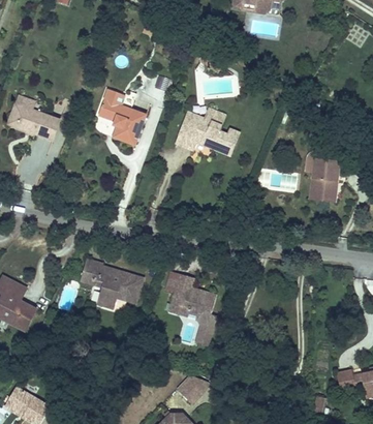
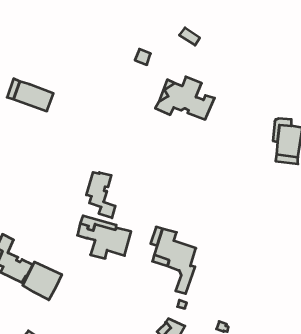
building: [96,98,145,146] -> none
building: none -> [86,172,115,218]
building: none -> [23,262,62,300]

